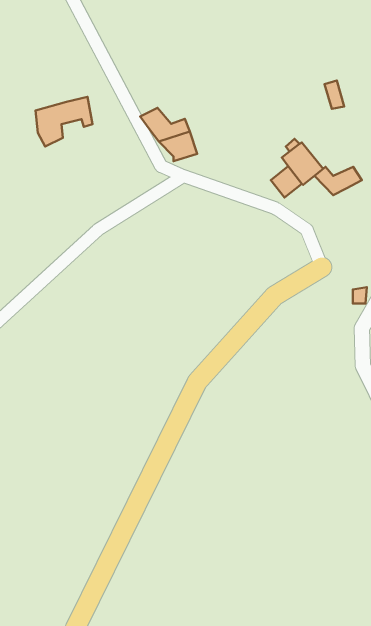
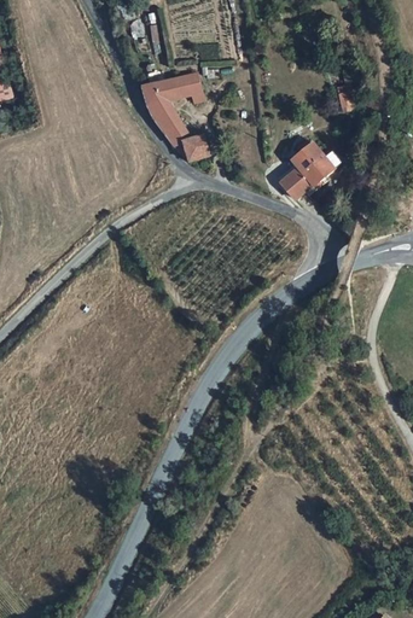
building: [35,97,93,147] -> [146,71,202,119]
building: [314,167,362,195] -> none

